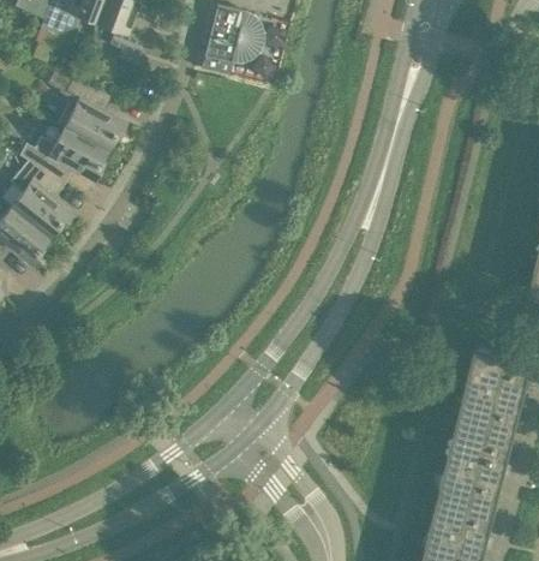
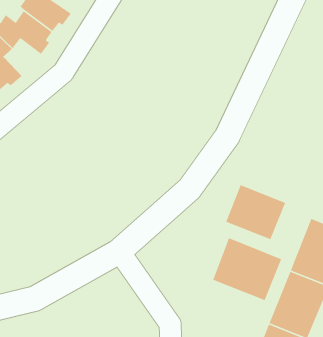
building: none -> [225,184,286,240]
building: none -> [212,237,282,301]

